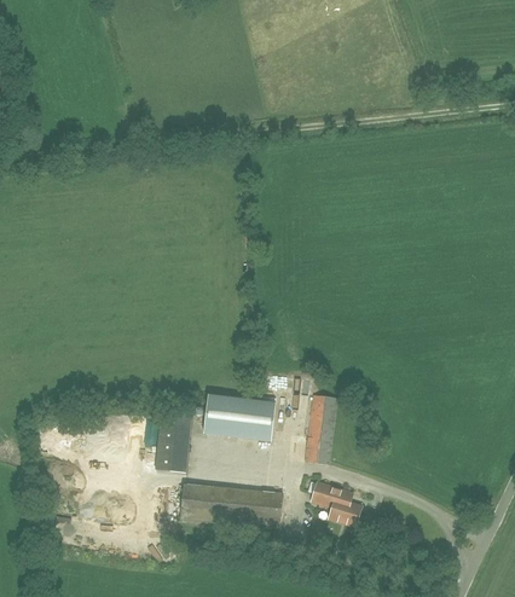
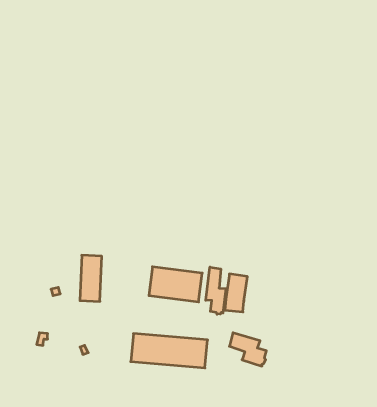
building: none -> [206,267,226,314]
building: [157,408,186,470] -> [80,255,102,301]

